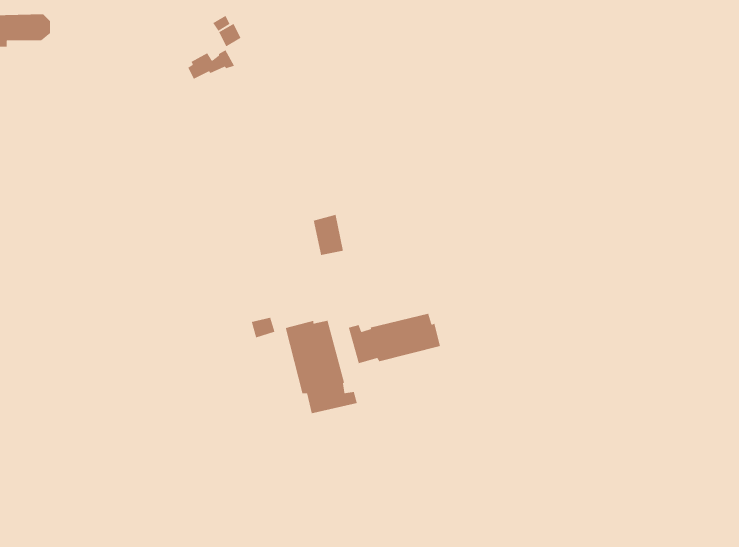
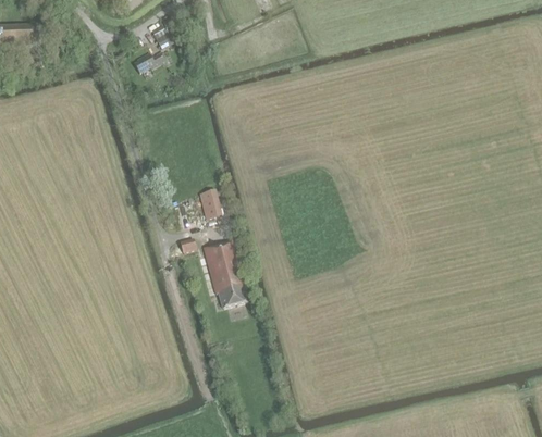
building: [313,214,344,256] -> [199,190,221,220]
building: [348,313,441,364] -> none

